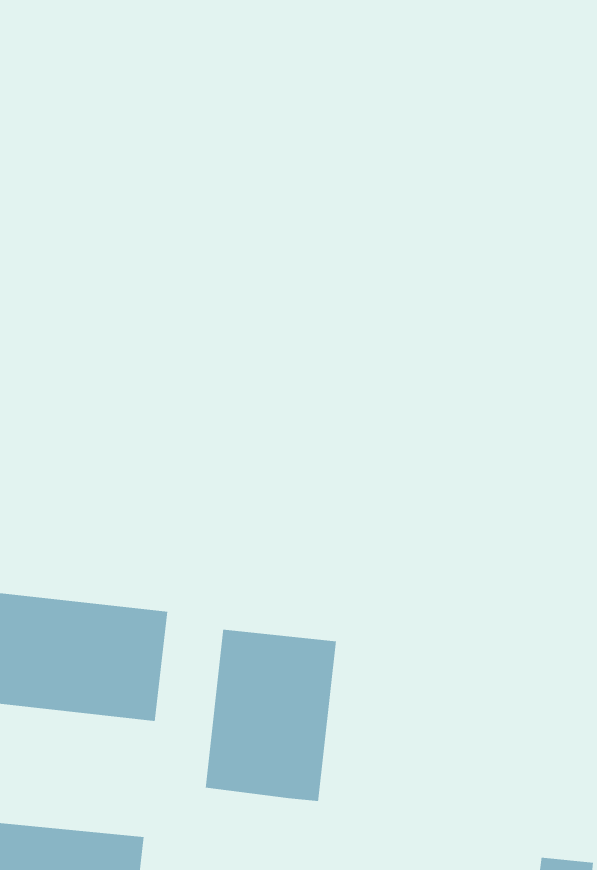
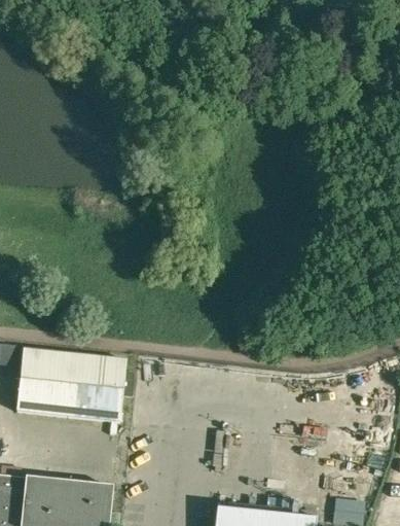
building: [205,629,337,802] -> none

